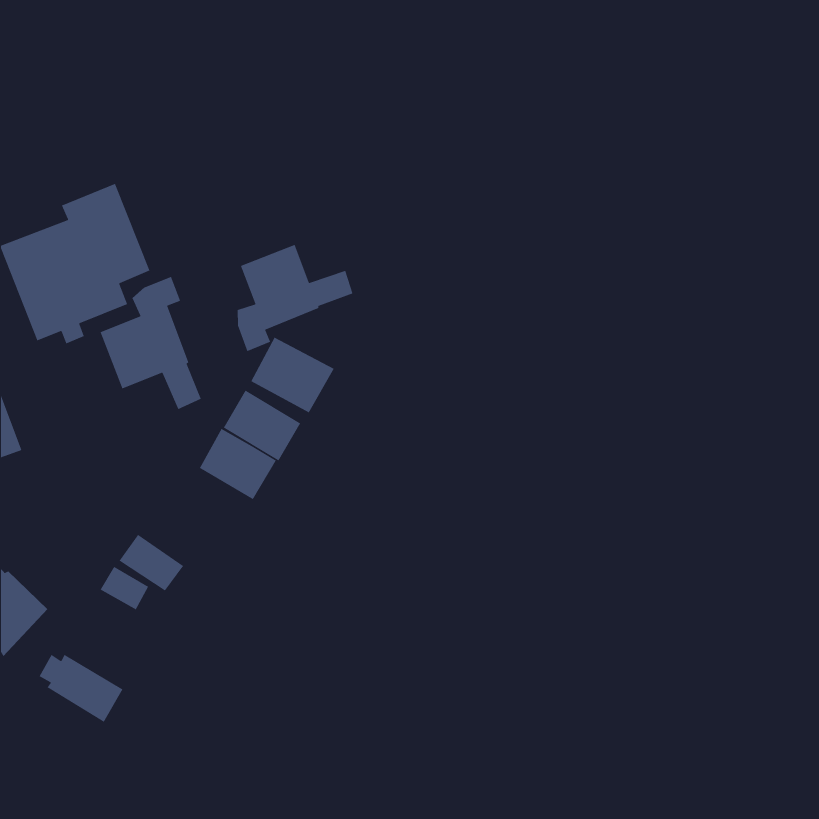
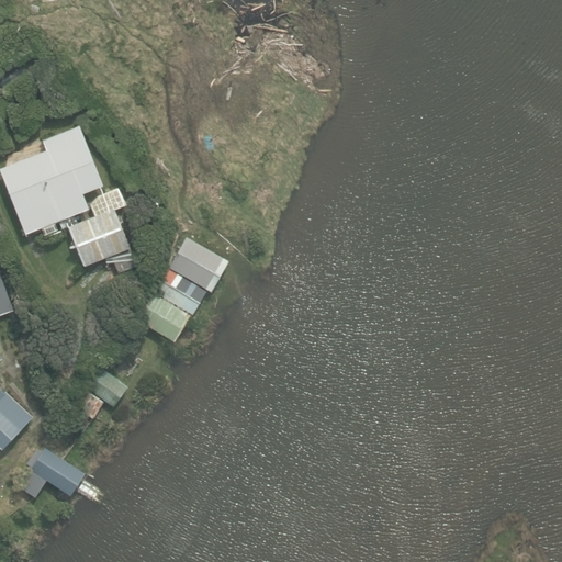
building: [237,244,354,352] -> none

